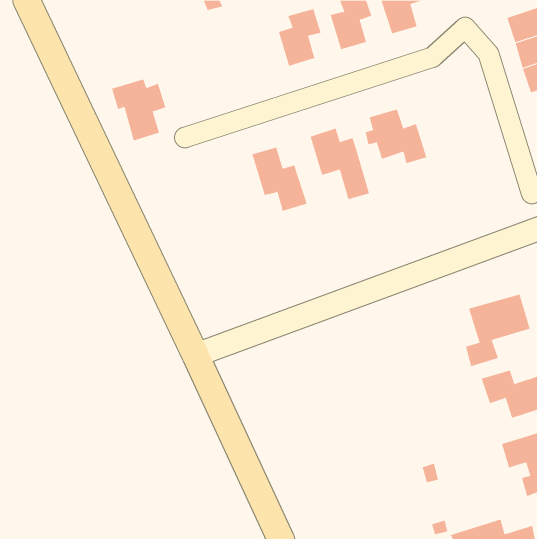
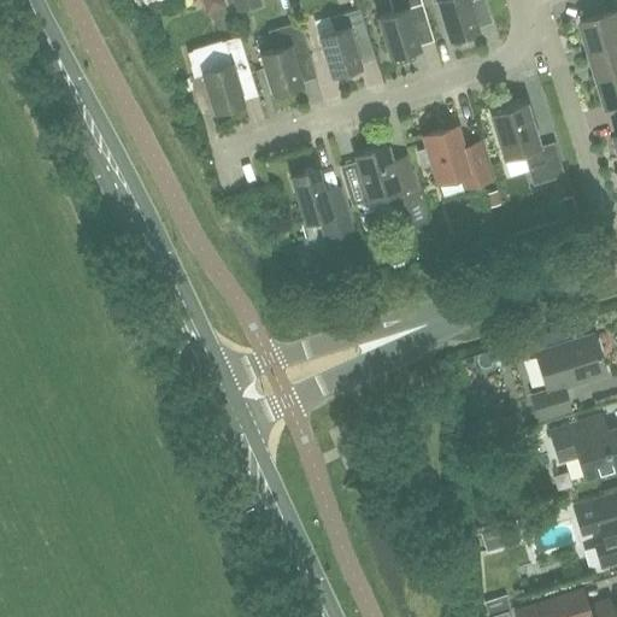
building: none -> [262,25,311,95]
building: [111,79,166,141] -> [189,42,252,113]
building: none -> [492,102,564,184]

